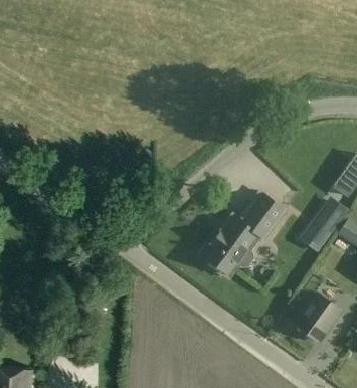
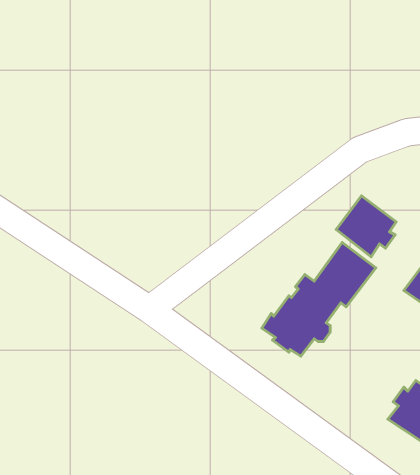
building: none -> [336,196,396,257]

